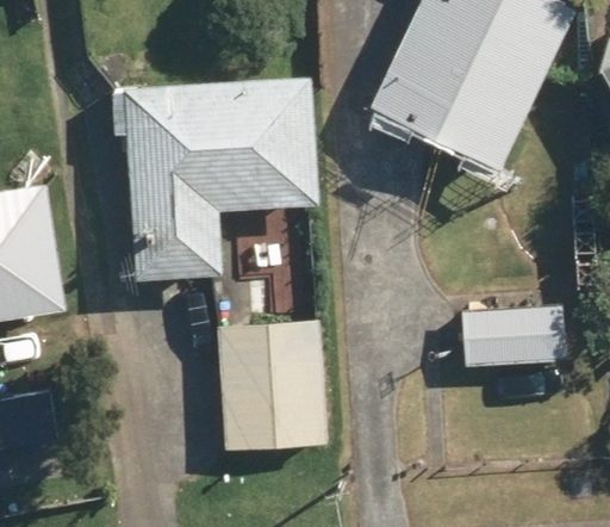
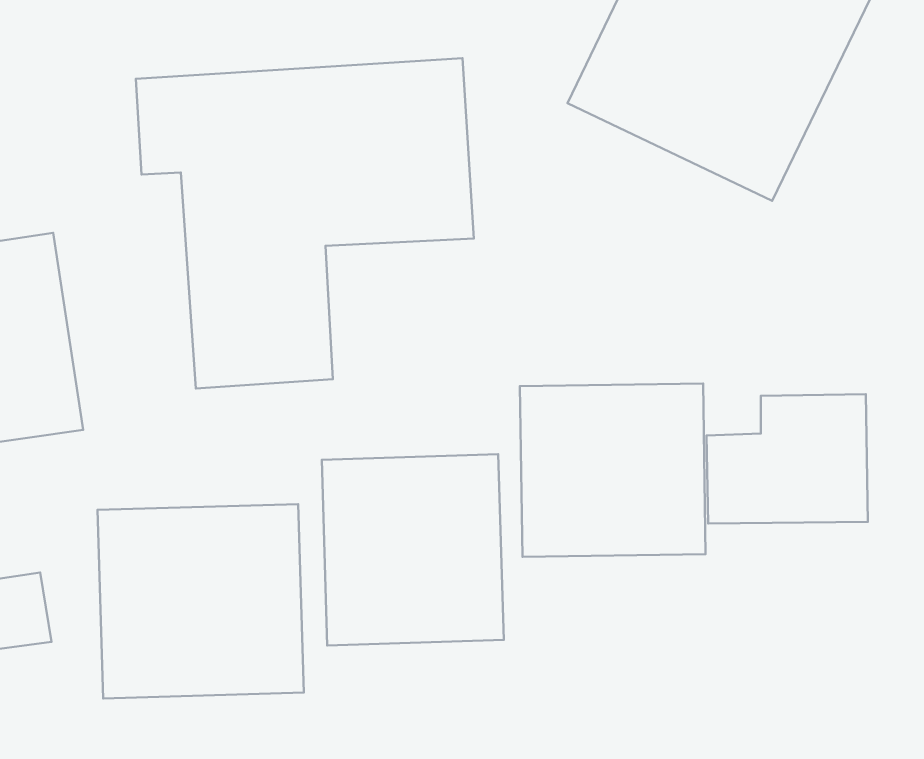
building: none -> [520,384,706,557]
building: none -> [98,504,304,698]

